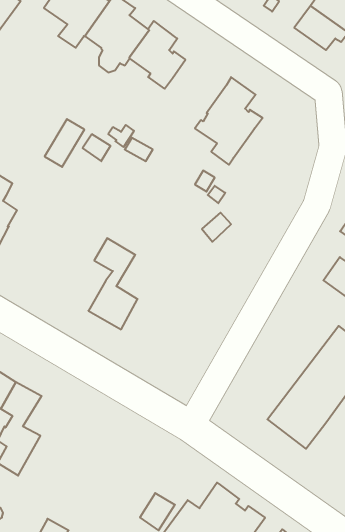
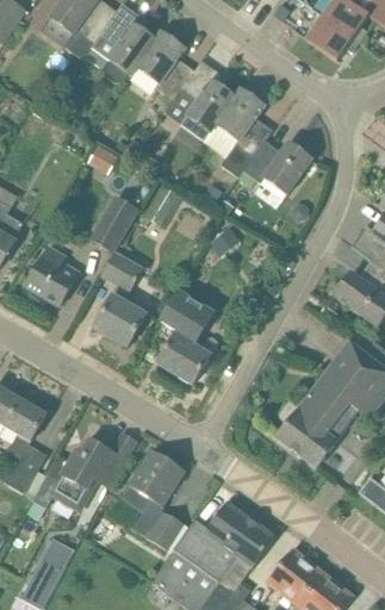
building: none -> [163,60,235,139]
building: [45,119,84,167] -> [93,199,133,248]
building: none -> [232,139,312,193]
building: none -> [25,244,76,304]
building: none -> [156,290,213,384]
building: none -> [31,437,126,508]
building: none -> [120,450,184,511]

